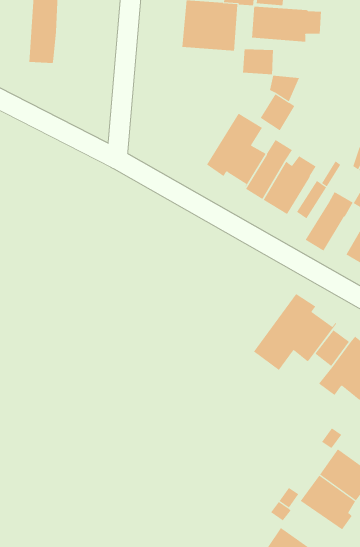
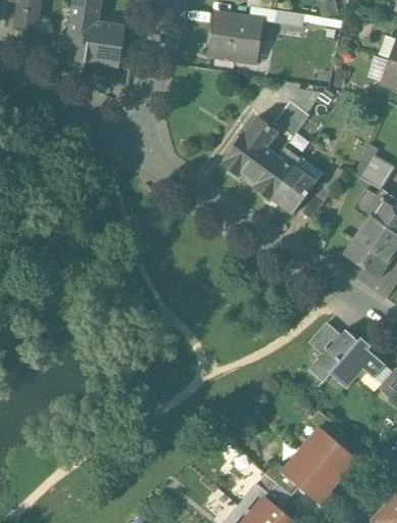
building: [252,6,322,43] -> none
building: none -> [91,21,127,65]
building: [242,48,274,75] -> none
building: [305,191,353,251] -> none
building: [253,293,337,371] -> none

